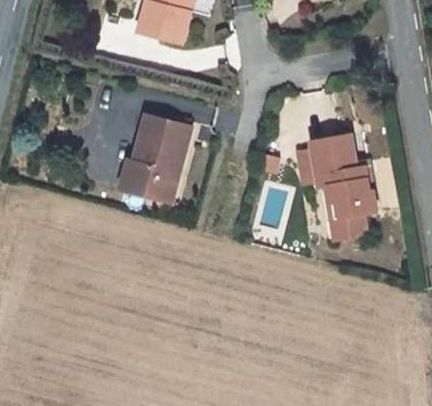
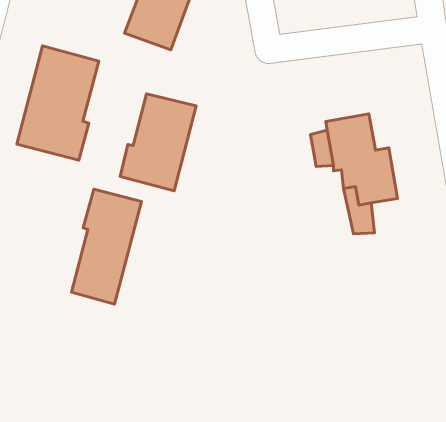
building: none -> [17,46,99,160]
building: none -> [71,189,141,304]

